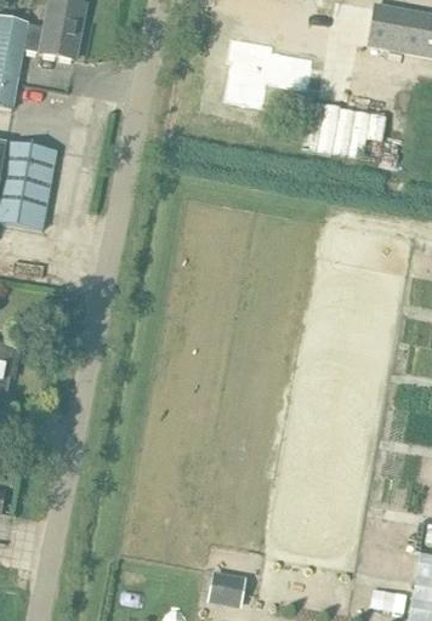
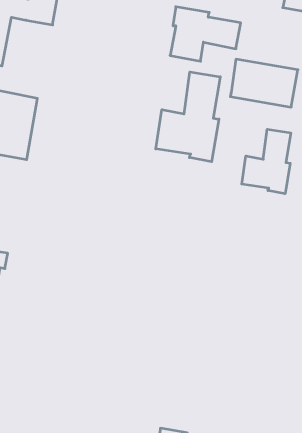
building: none -> [156,72,220,162]
building: none -> [242,129,291,194]

